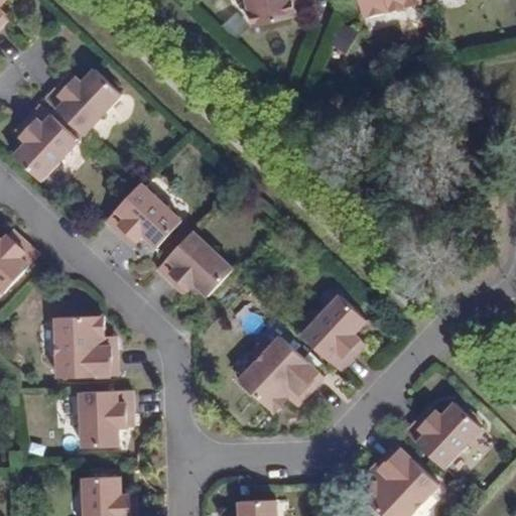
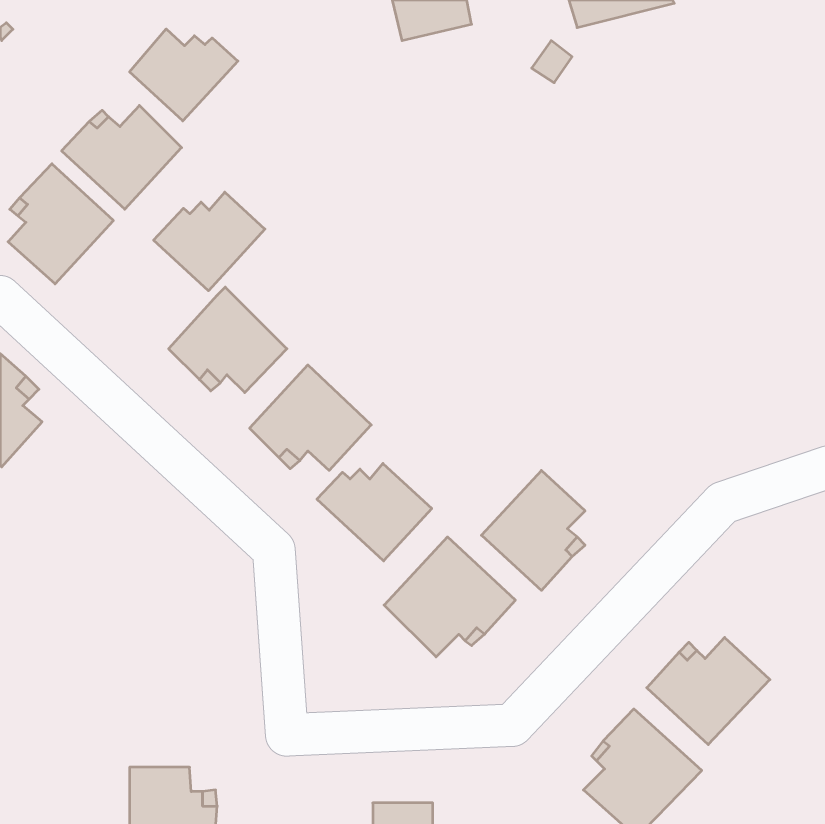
building: none -> [130,29,238,121]
building: none -> [154,192,265,291]
building: none -> [317,463,432,561]
building: [52,315,112,378] -> none
building: [80,390,134,446] -> none

